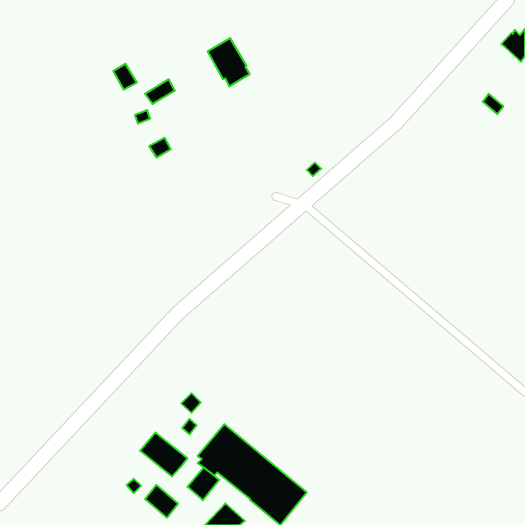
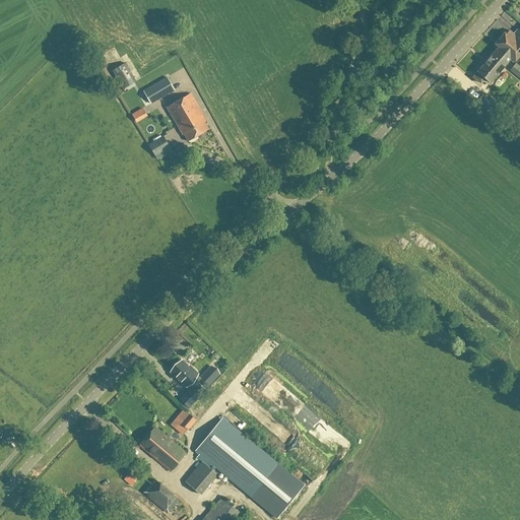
building: [208,38,250,86] -> [166,93,207,141]
building: none -> [472,47,511,82]
building: none -> [170,360,213,389]

